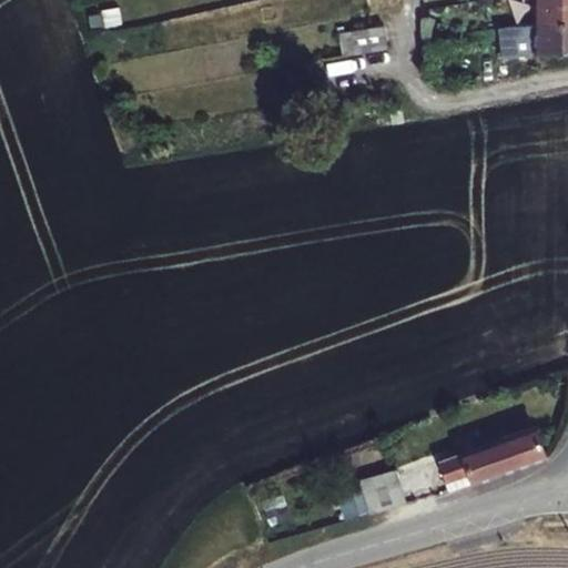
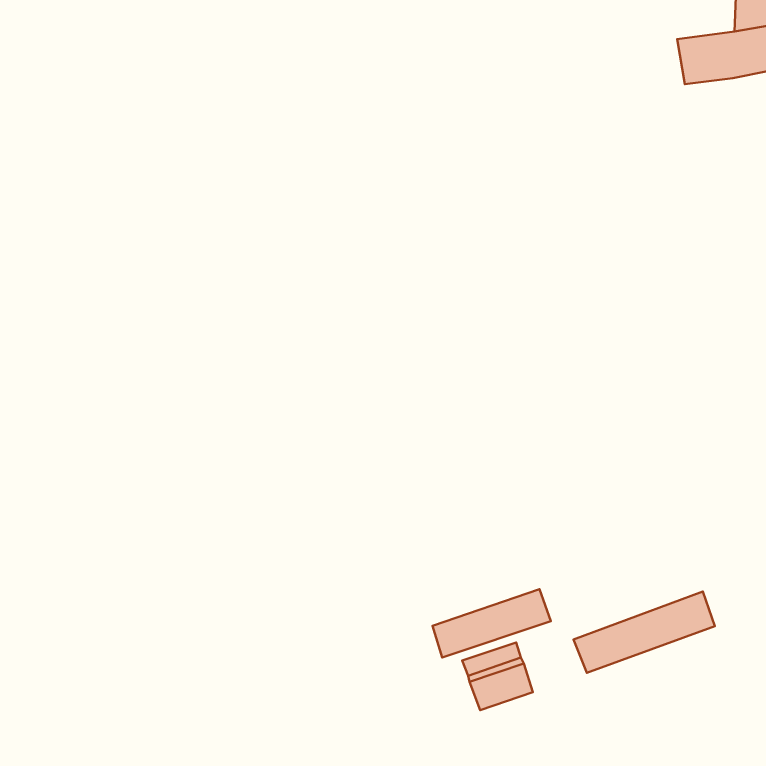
building: [339,20,388,52] -> none
building: none -> [433,589,551,657]

